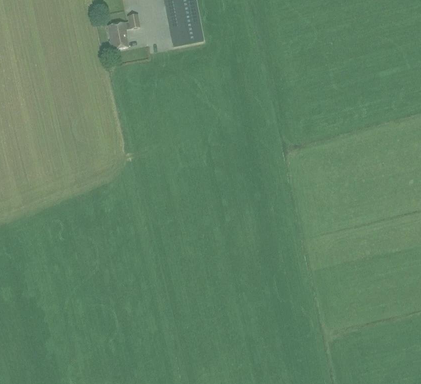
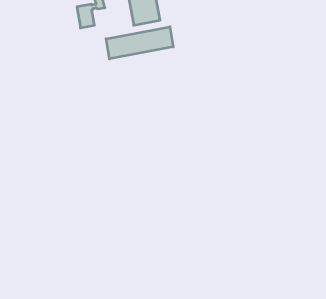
building: none -> [106,27,173,59]

